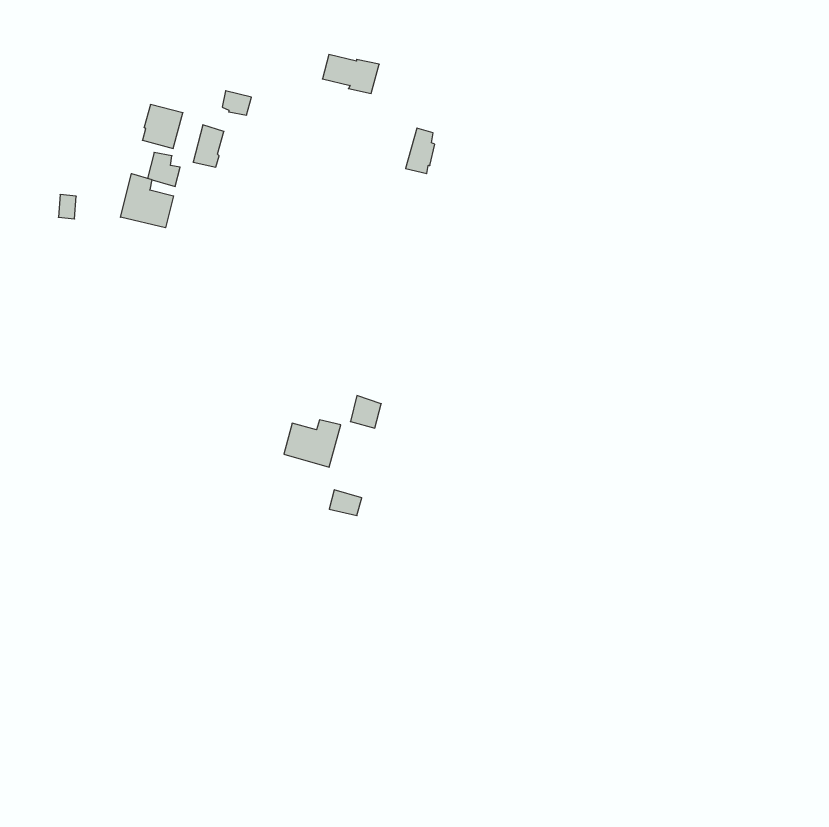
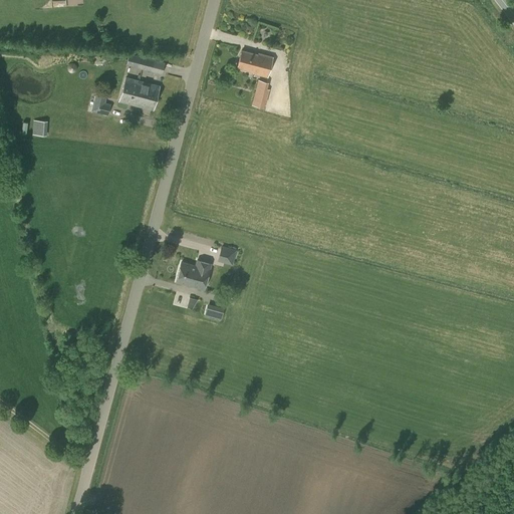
building: [322,55,379,93] -> [237,52,272,76]
building: [142,105,183,148] -> [134,82,159,109]
building: [120,174,174,228] -> none

